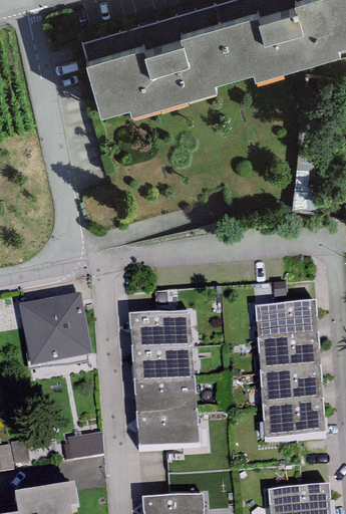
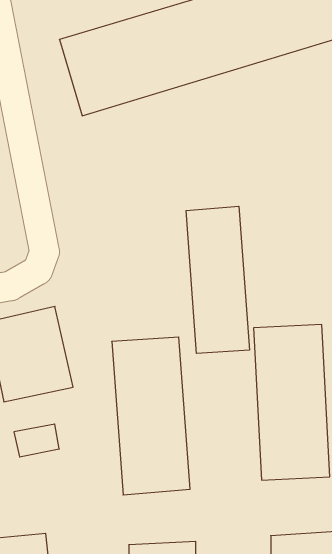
building: none -> [186,206,249,353]
building: [67,426,107,455] -> [14,424,59,457]

